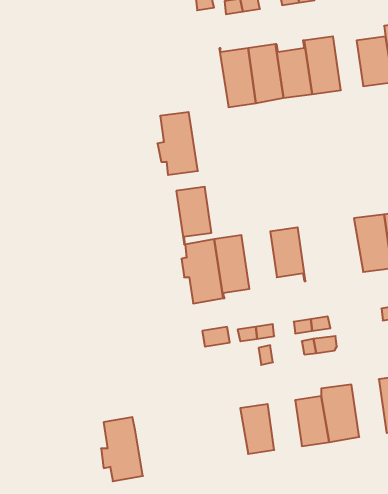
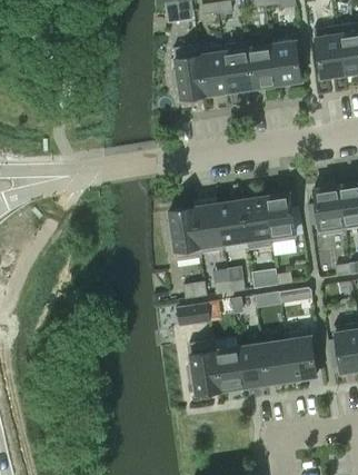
building: [157,112,198,175] -> [171,46,206,99]
building: [176,187,211,244] -> [217,201,247,250]
building: none -> [265,194,296,244]
building: none -> [177,304,210,327]
building: none -> [239,345,268,387]
building: [101,417,143,481] -> [187,340,222,395]

